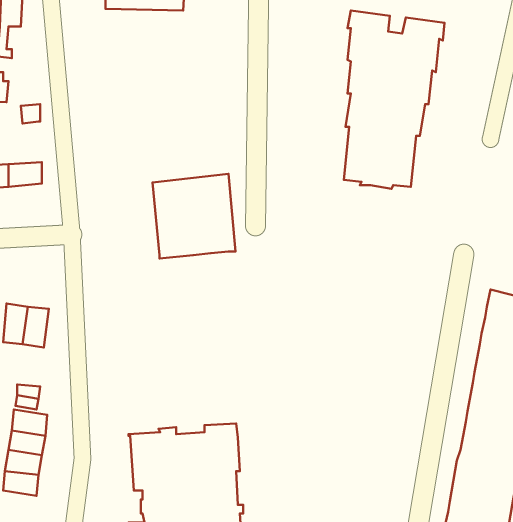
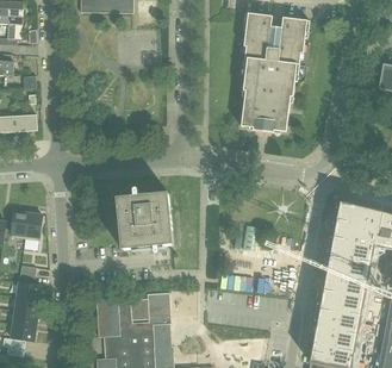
building: [152,174,235,259] -> [117,192,173,249]

